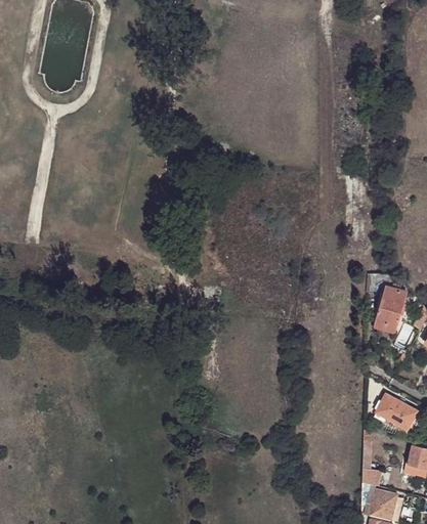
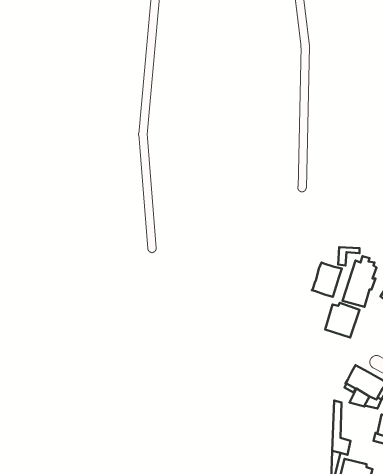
building: none -> [312,263,342,297]
building: none -> [325,303,359,338]

